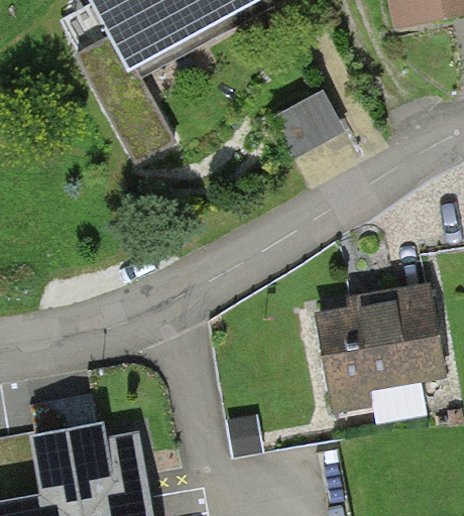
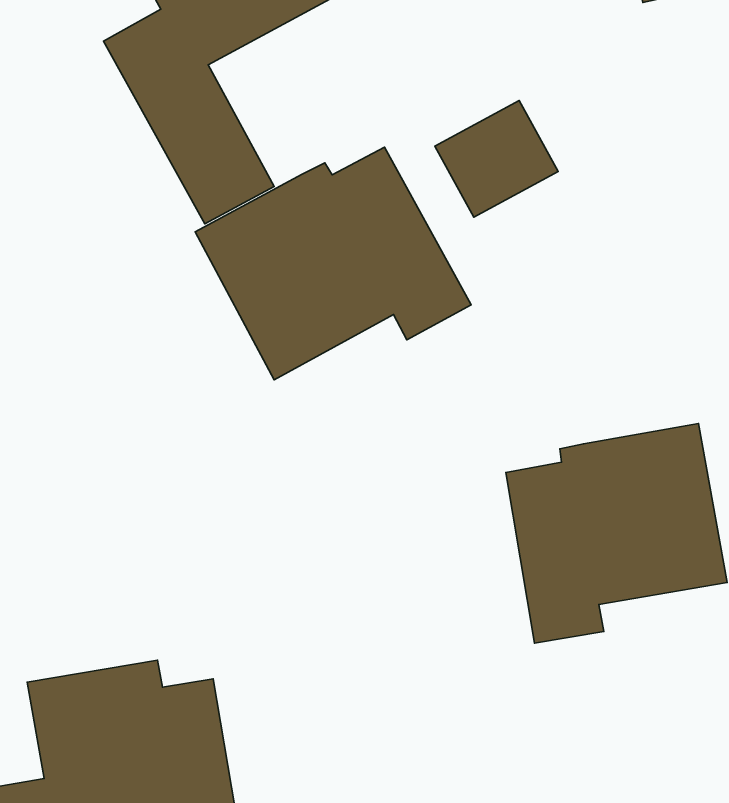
building: none -> [195,147,471,380]

